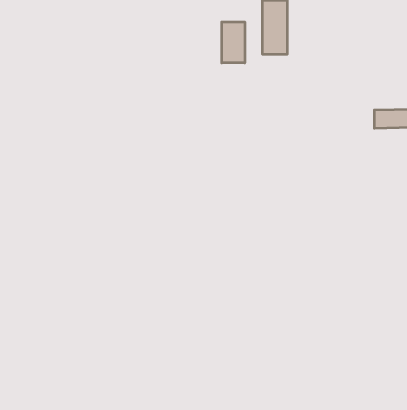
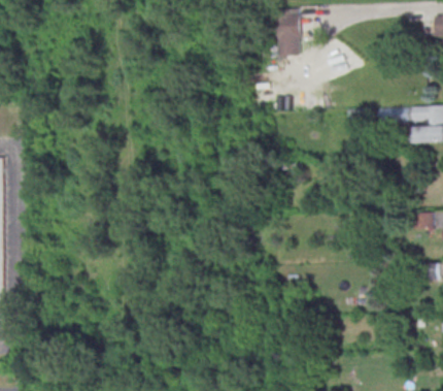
building: [222,22,245,63] -> none

